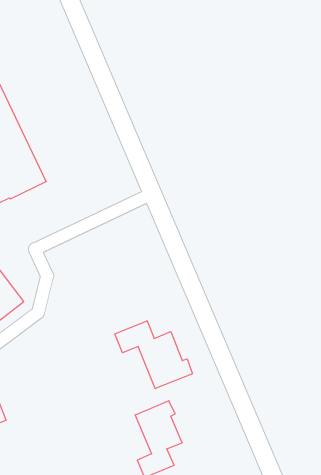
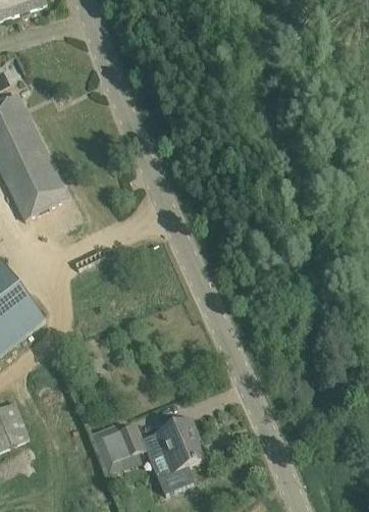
building: [115,321,192,389] -> none
building: none -> [90,422,145,476]

